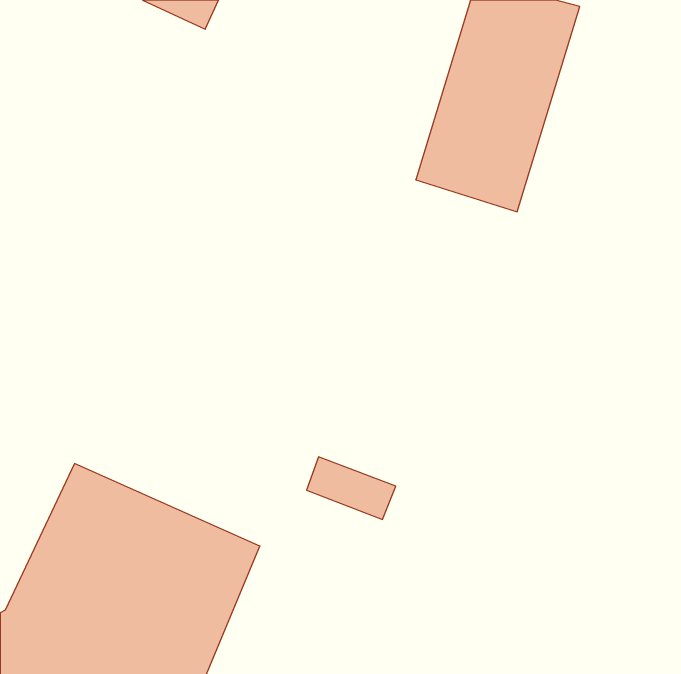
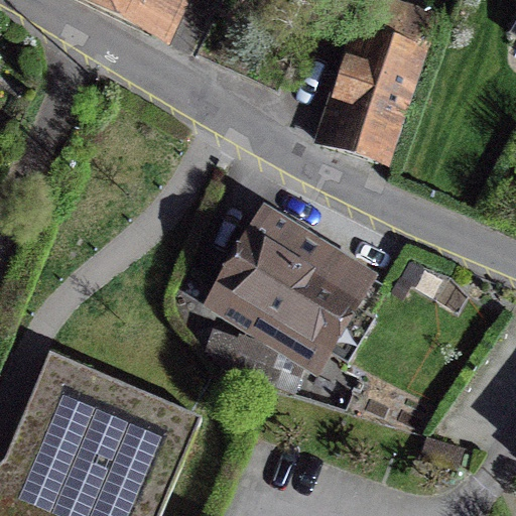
building: none -> [198,202,376,375]

